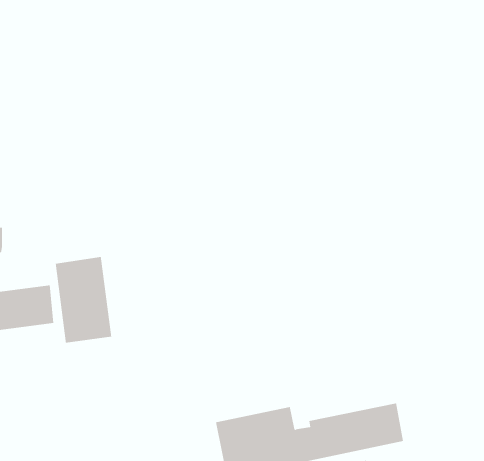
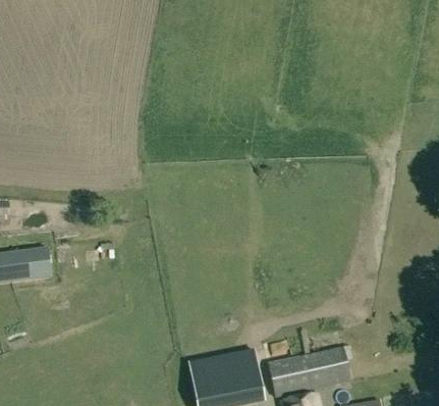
building: [55,256,112,343] -> none

